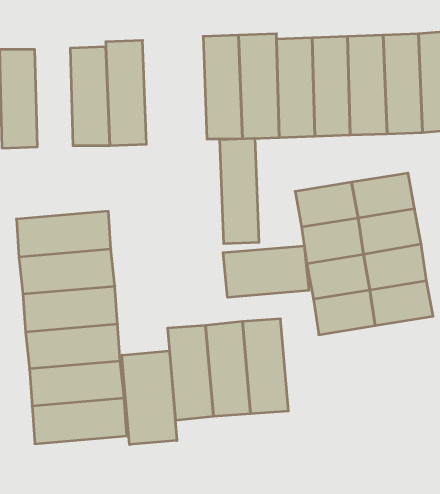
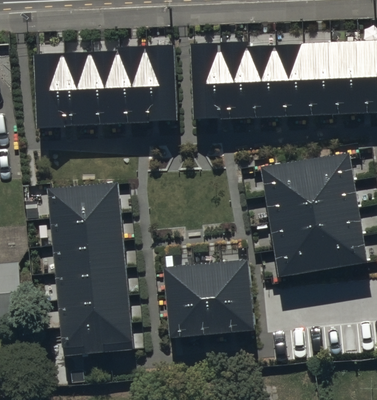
building: none -> [63,56,92,131]
building: [220,138,259,244] -> [145,49,175,129]
building: [223,246,309,297] -> none
building: [122,351,177,445] -> none

